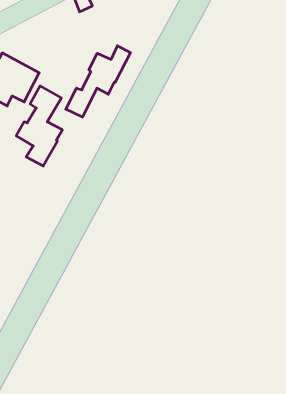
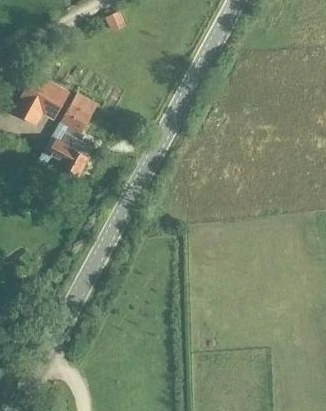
building: [66,46,130,117] -> none

